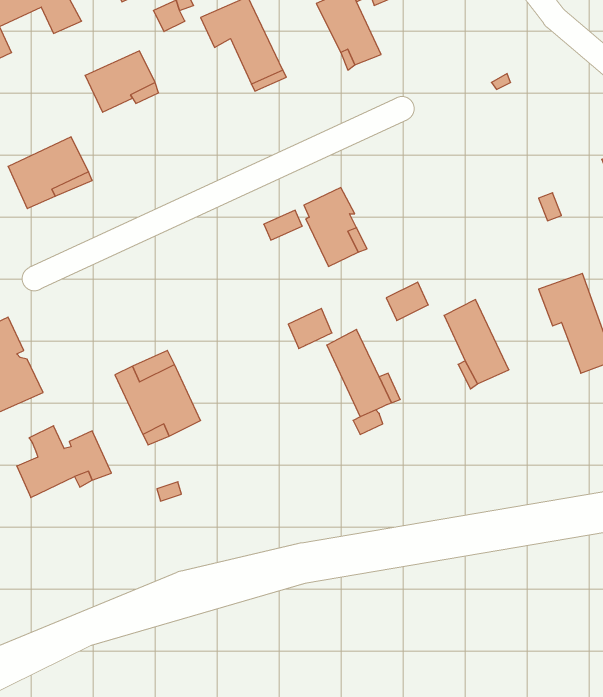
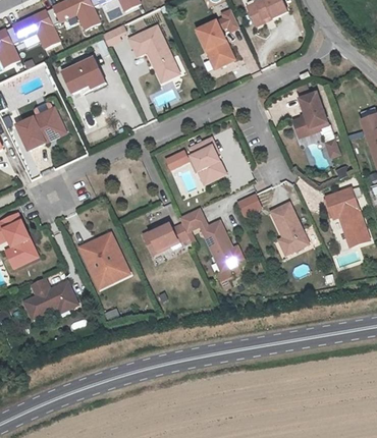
building: none -> [292,93,328,138]
building: none -> [142,221,187,254]

